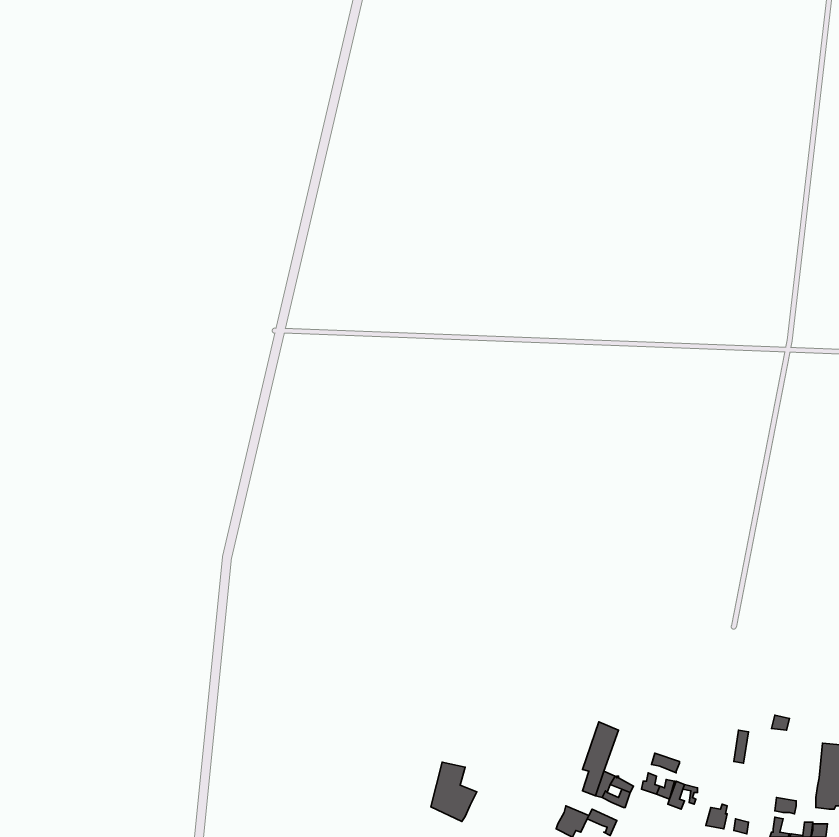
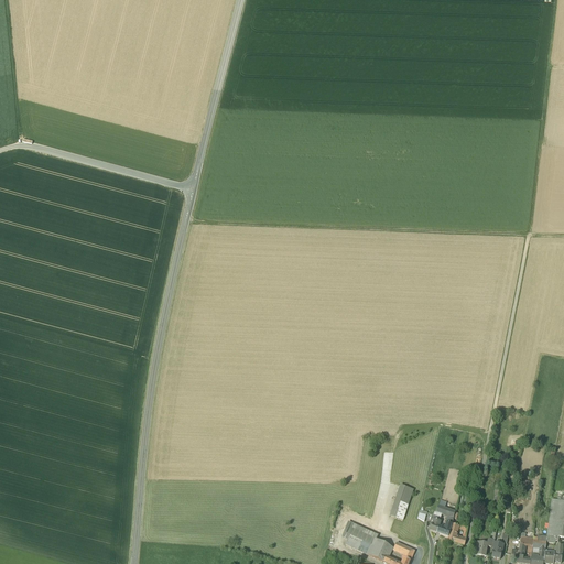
building: [431,762,477,821] -> [347,513,378,553]

